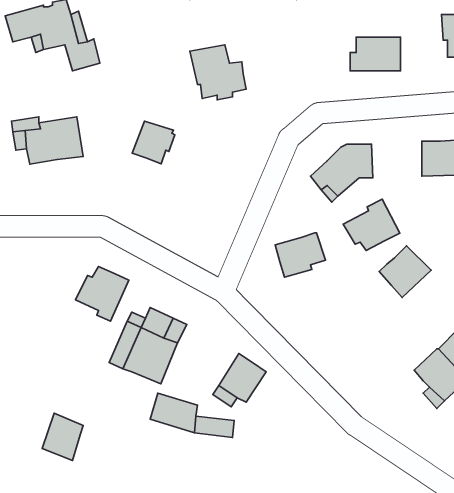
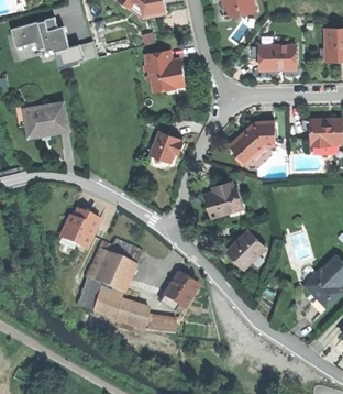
building: [132,121,175,164] -> [150,132,180,163]
building: [343,199,400,251] -> none
building: [379,246,431,298] -> [228,231,265,269]
building: [42,413,83,461] -> [92,286,122,320]

